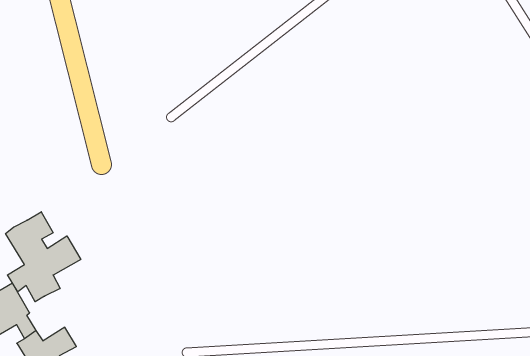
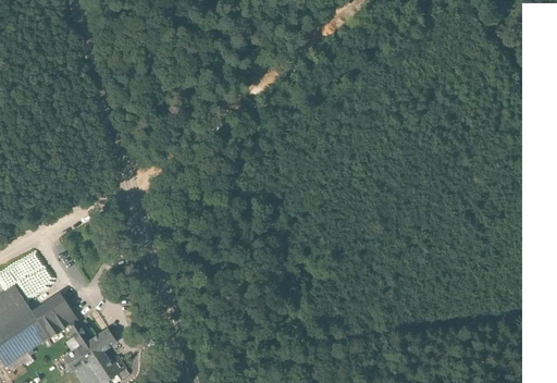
building: [6,212,81,302] -> none

